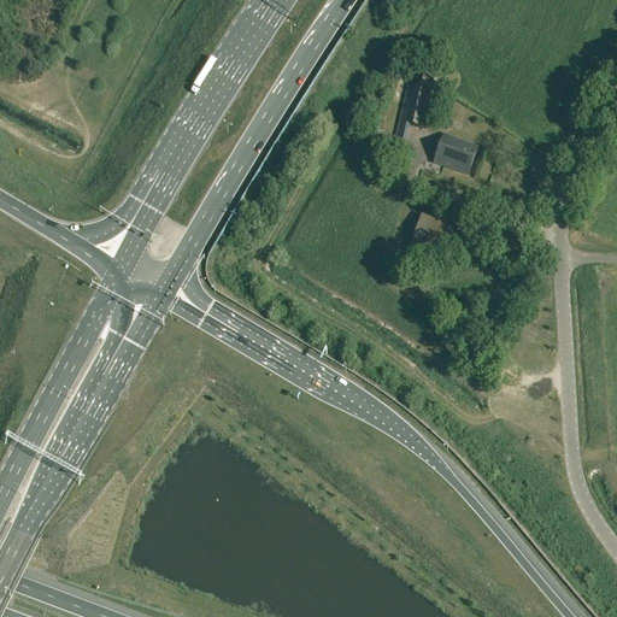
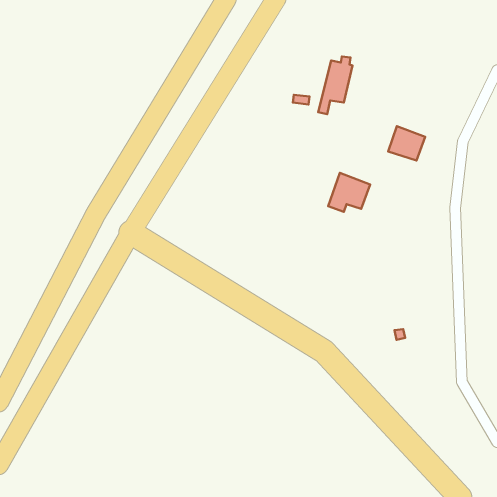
building: [431,131,477,174] -> [388,126,425,160]

